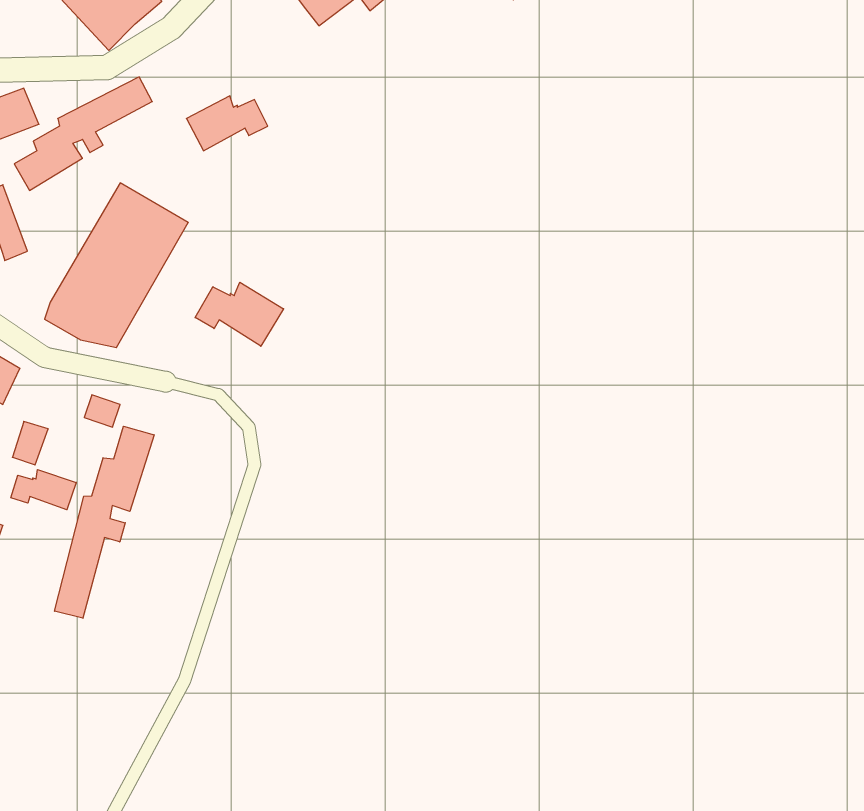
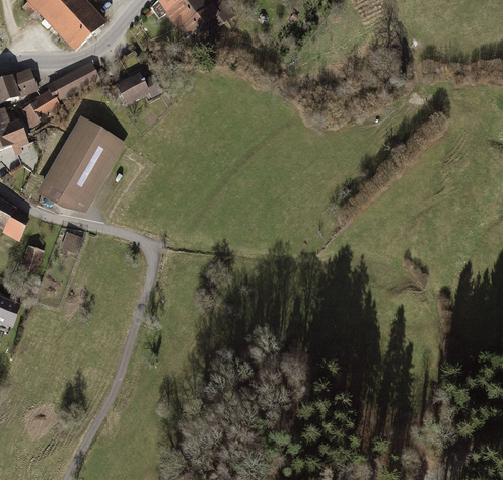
building: [195,282,284,346] -> none
building: [55,426,154,618] -> none
building: [11,470,76,510] -> none

